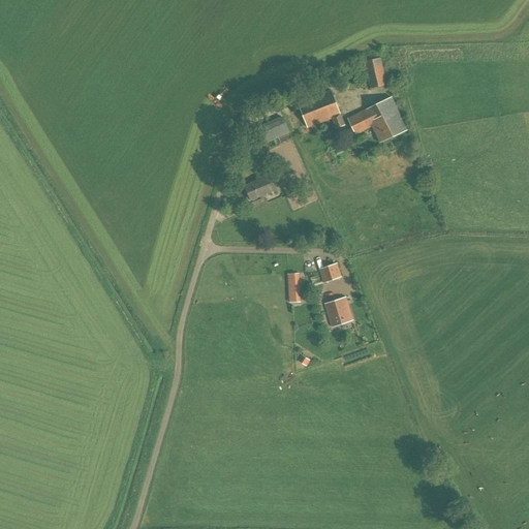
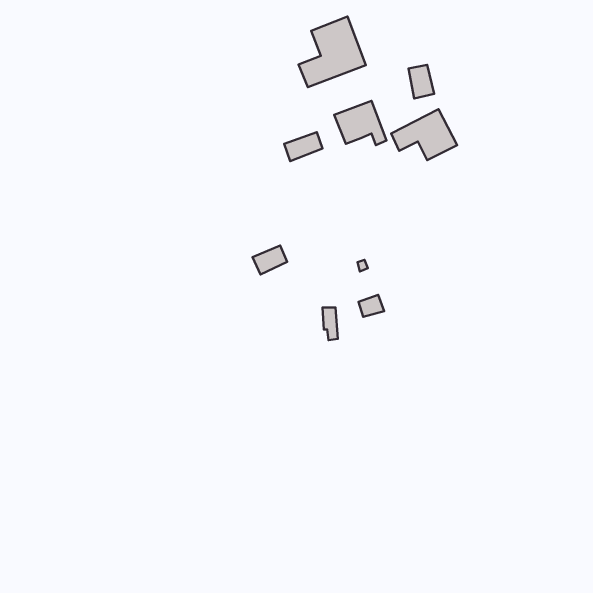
building: none -> [298,17,366,87]
building: [244,175,275,200] -> [252,246,287,275]
building: [324,298,353,326] -> none

